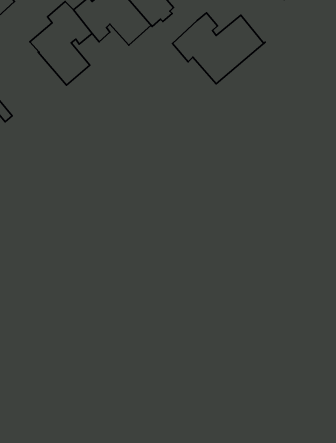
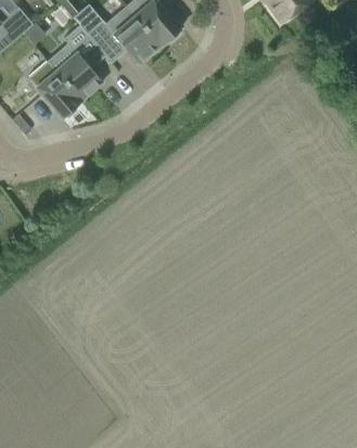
building: [172,13,265,84] -> none
building: none -> [27,60,80,117]

